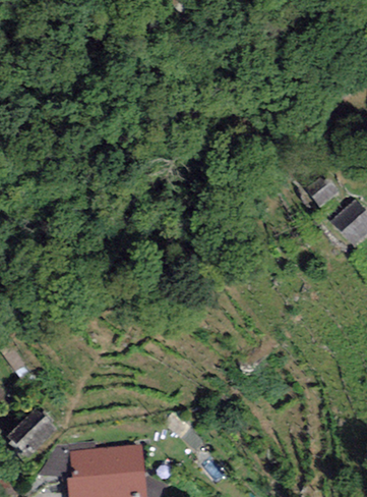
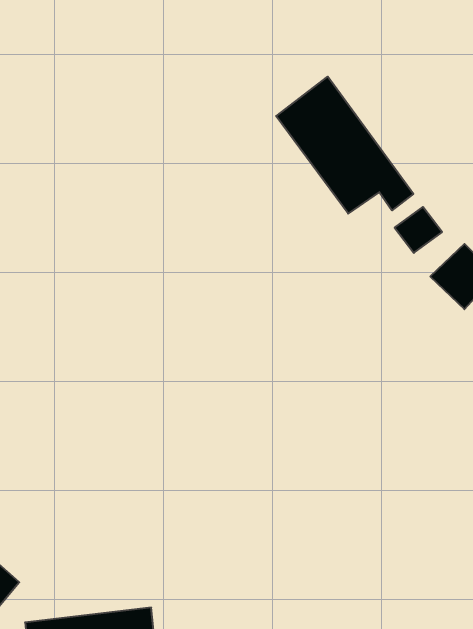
building: none -> [276,77,413,214]

